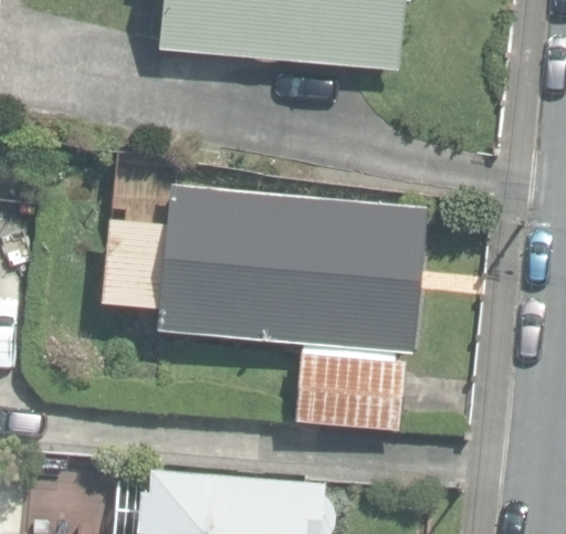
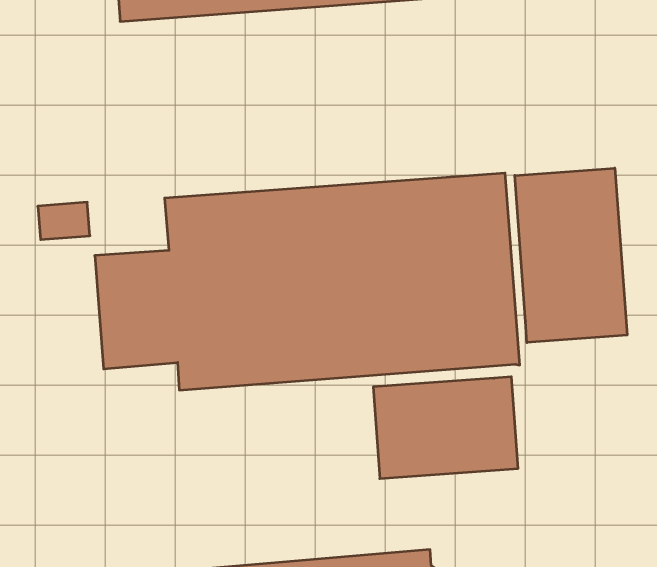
building: none -> [515,168,627,343]

